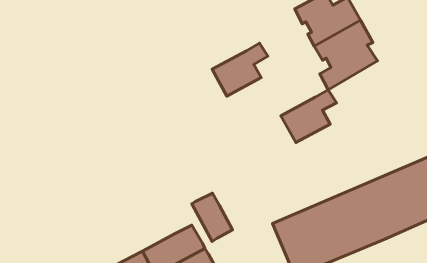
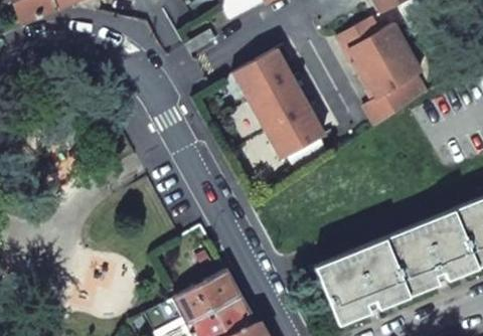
building: none -> [232,43,293,101]
building: [281,90,337,143] -> [265,102,325,159]
building: [192,193,232,242] -> none

